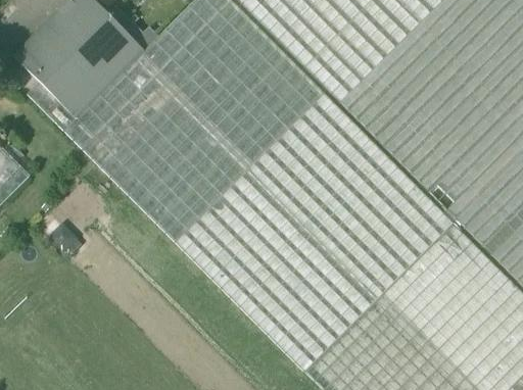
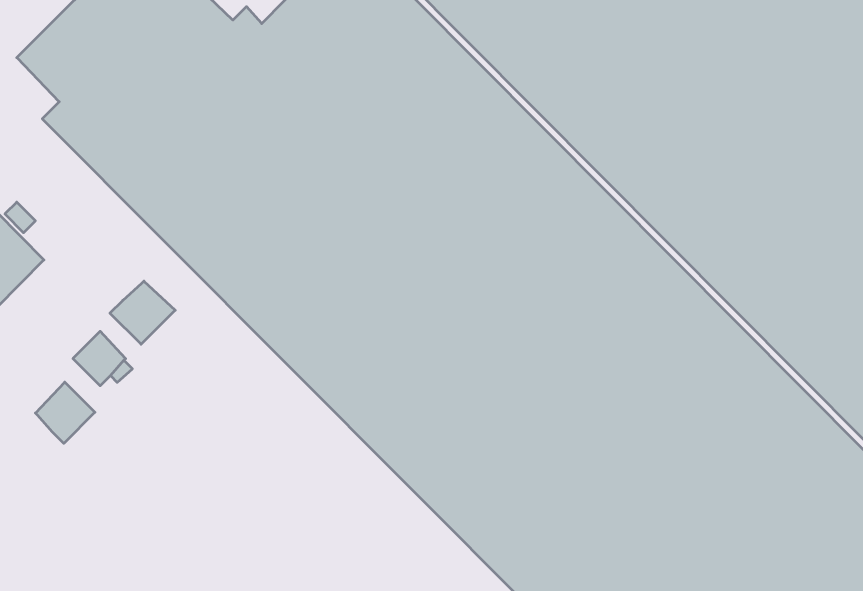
building: none -> [110,281,175,344]
building: none -> [35,382,95,443]

